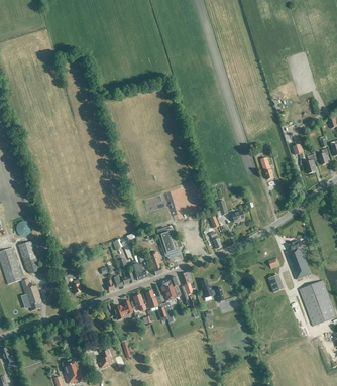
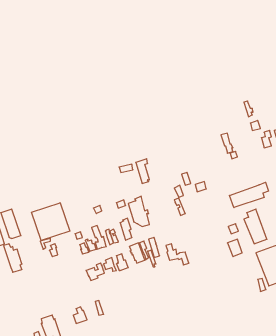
building: none -> [229,182,268,208]
building: none -> [31,203,70,241]

